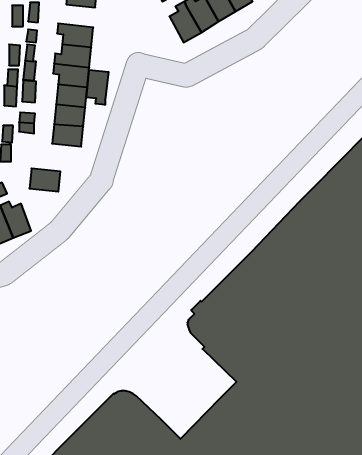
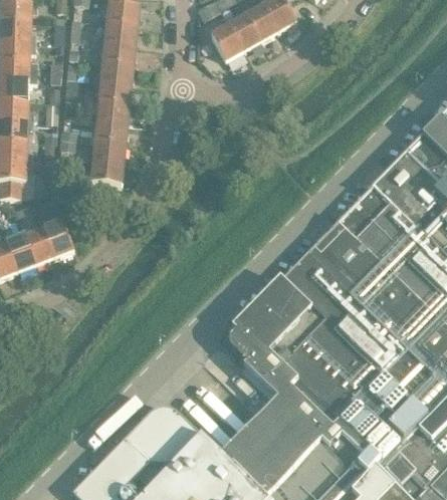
building: none -> [99,21,137,44]
building: [86,70,109,105] -> none
building: [29,168,60,192] -> [91,161,123,184]

